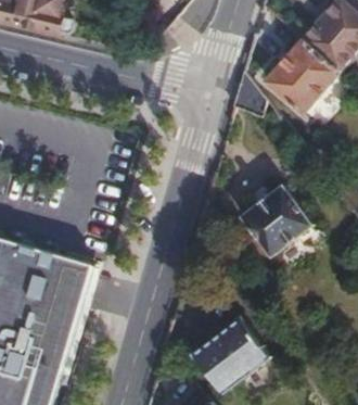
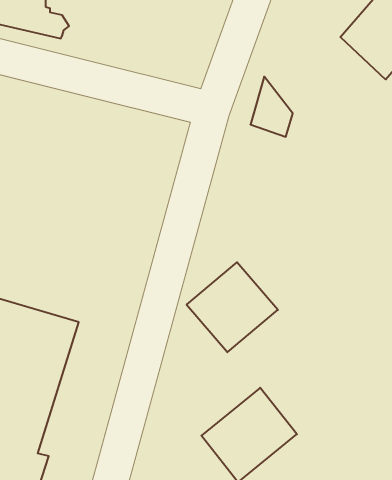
building: [266,38,336,112] -> none
building: [239,185,311,256] -> [187,262,278,352]

